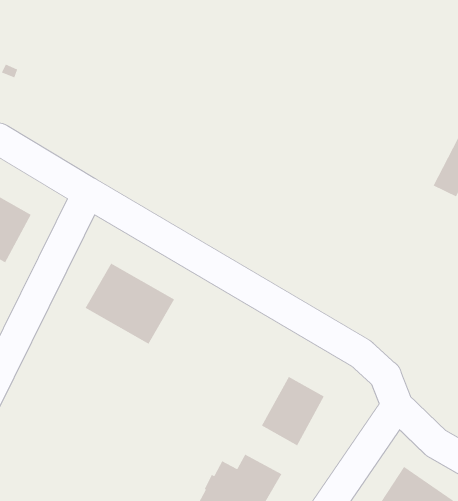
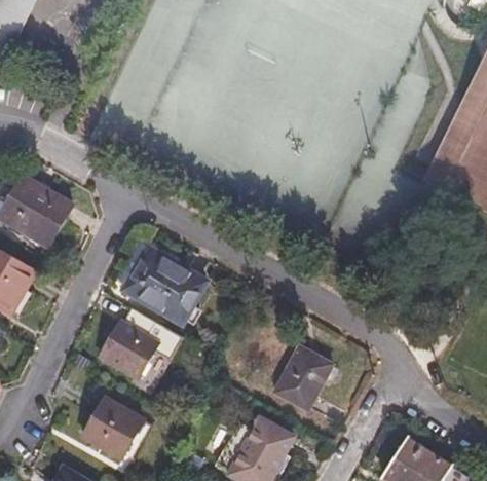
building: none -> [99,309,164,381]
building: none -> [78,396,137,455]

